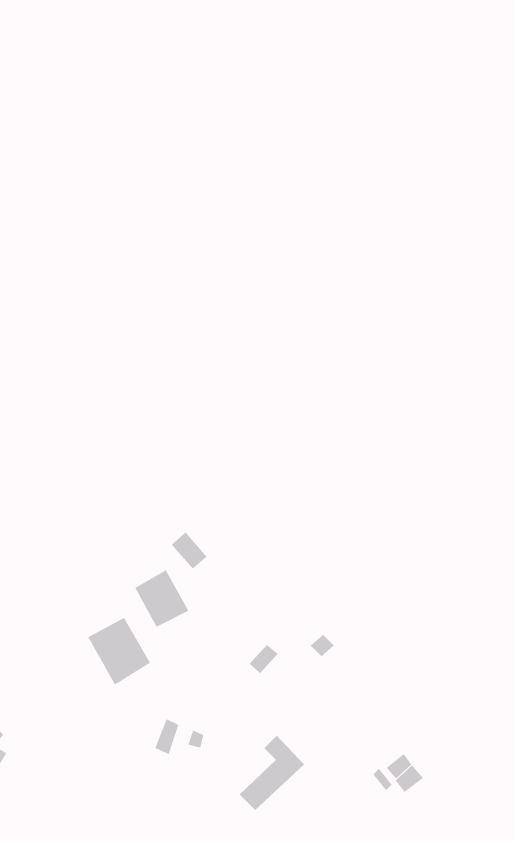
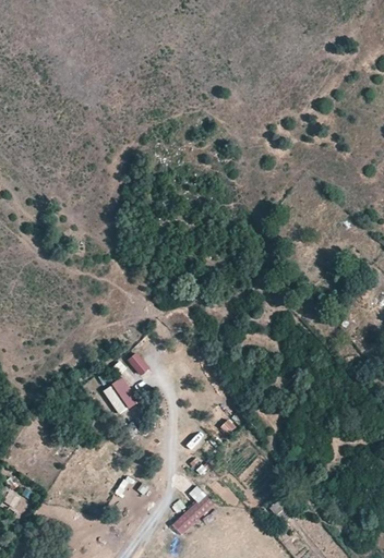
building: [88,617,151,685] -> none

